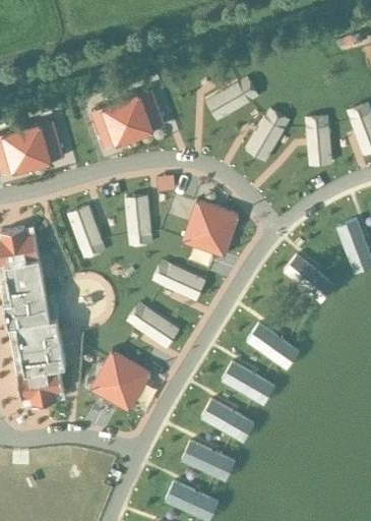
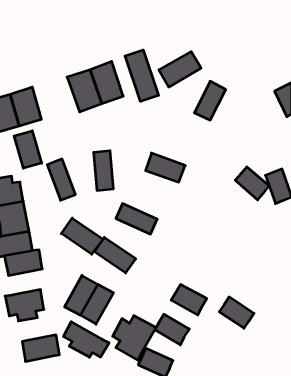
building: none -> [125,50,159,101]
building: [308,117,331,166] -> none
building: none -> [14,131,42,168]
building: [183,222,231,256] -> none
building: [284,255,325,296] -> [235,167,269,200]
building: none -> [61,218,103,254]
building: [247,324,290,362] -> [219,297,254,328]
building: [21,343,67,375] -> [22,335,59,361]
building: none -> [113,316,156,360]
building: none -> [64,322,109,357]

